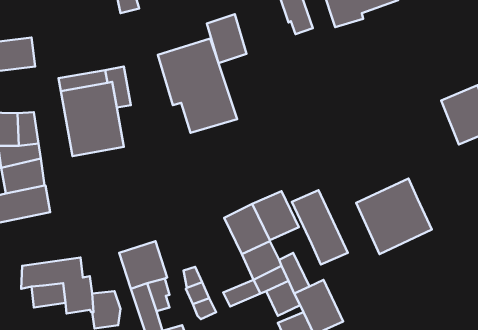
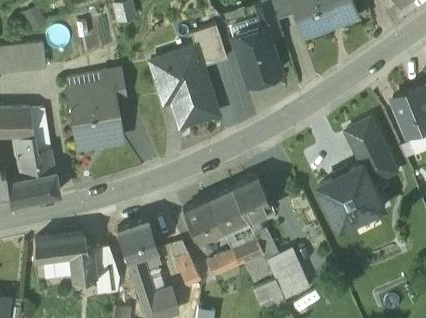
building: none -> [233,30,280,83]
building: [292,190,348,265] -> [348,119,396,183]
building: none -> [181,199,222,241]

